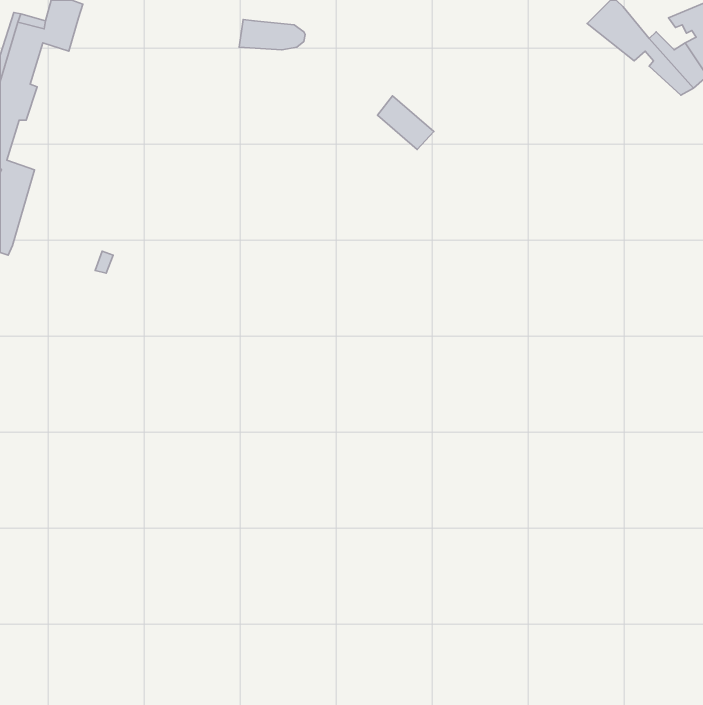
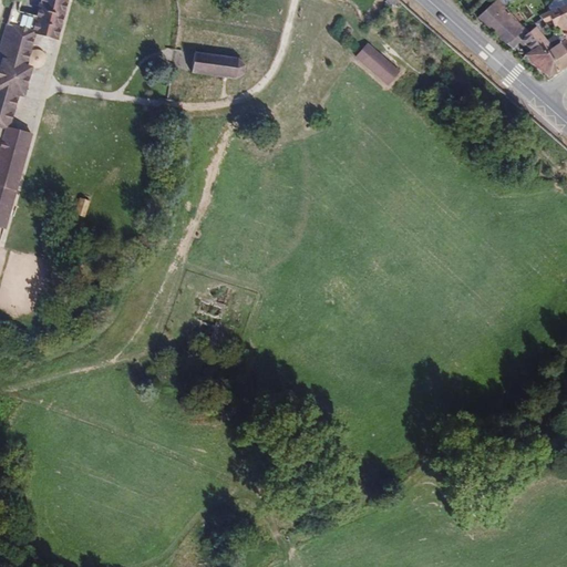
building: [239,19,305,50] -> [193,51,246,75]
building: [377,96,434,150] -> [357,41,402,84]

